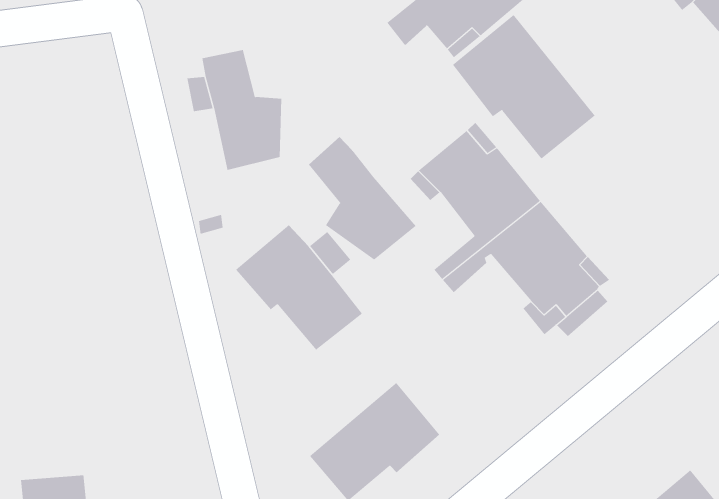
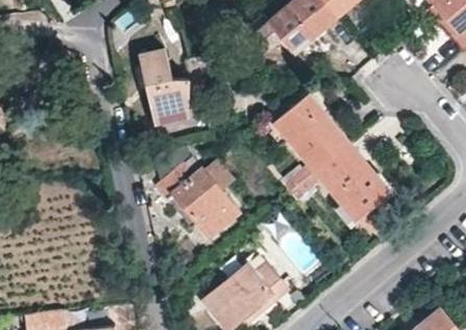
building: [452,14,596,159] -> none
building: [308,136,417,261] -> none

